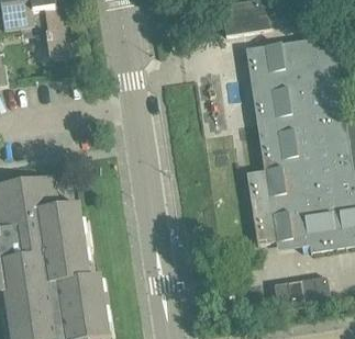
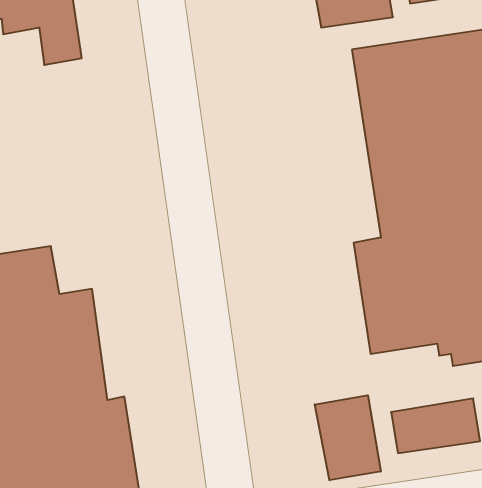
building: none -> [315,395,381,480]

